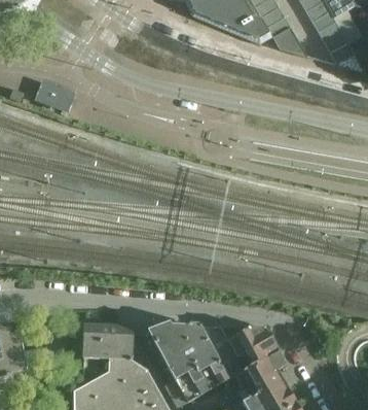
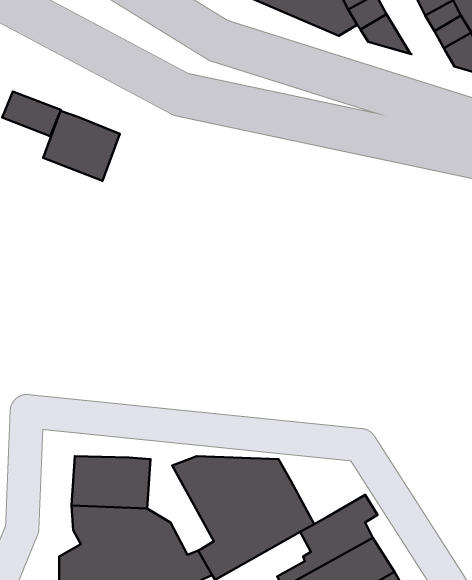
building: none -> [43,111,120,181]
building: [227,327,277,369] -> none

